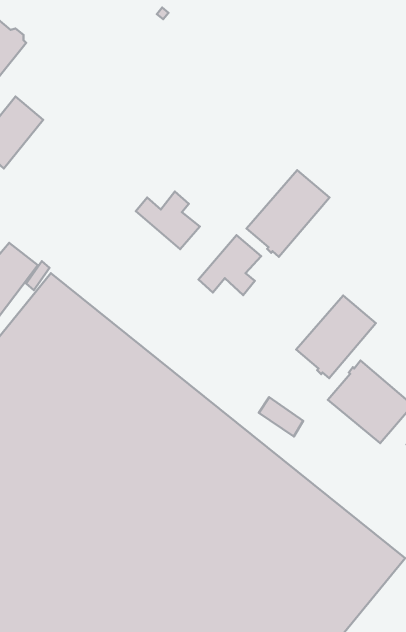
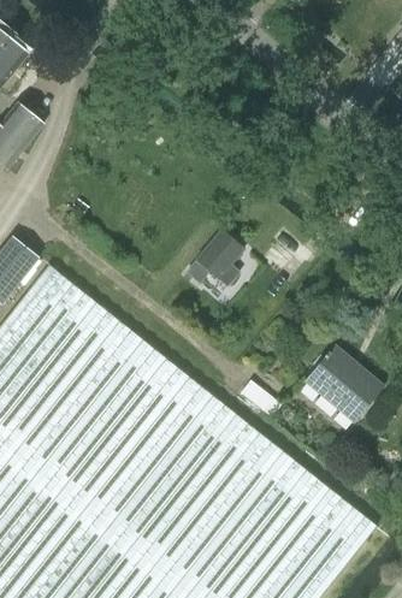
building: [247,170,330,257] -> none
building: [136,192,200,249] -> none
building: [296,296,376,378] -> none

